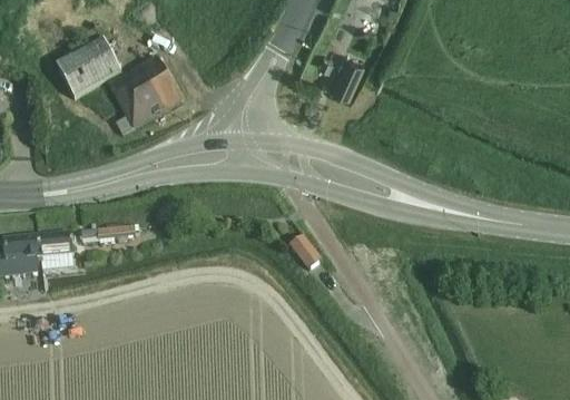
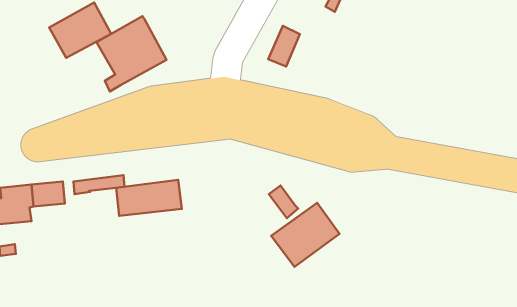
building: [331,55,364,98] -> [268,26,300,67]
building: none -> [116,180,182,216]
building: none -> [271,203,339,267]

